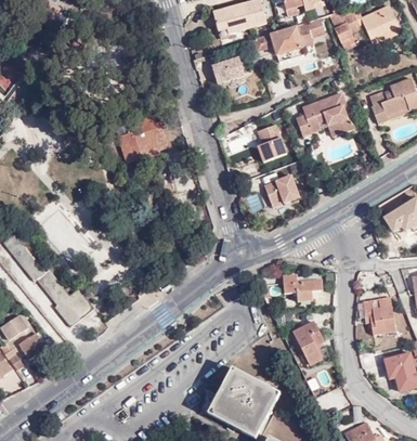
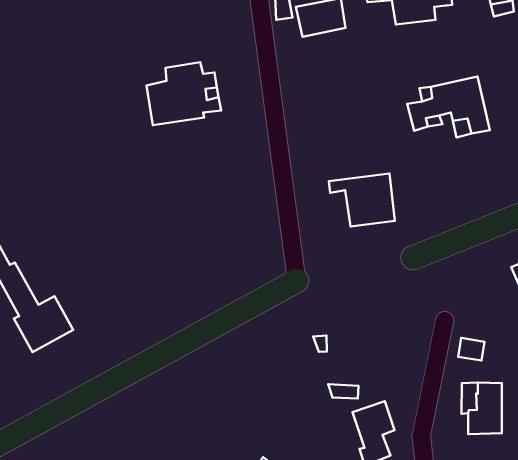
building: [255,121,287,161] -> none
building: [281,271,322,299] -> none

